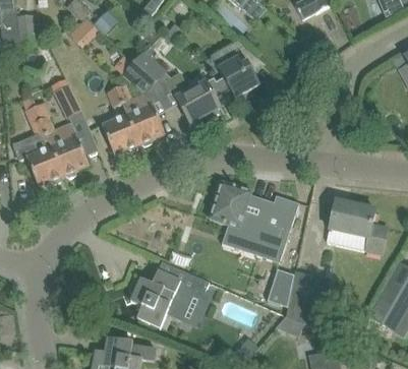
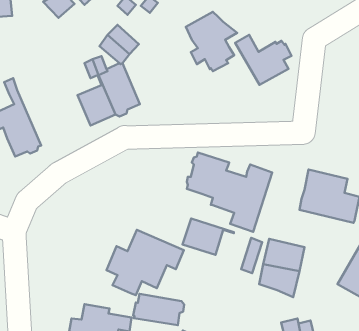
building: [165,71,222,122] -> [235,35,292,85]
building: [36,77,91,177] -> none
building: none -> [183,218,234,255]
building: none -> [133,294,184,325]

